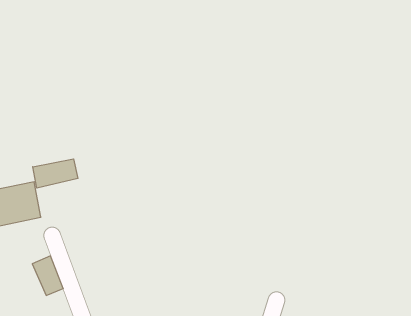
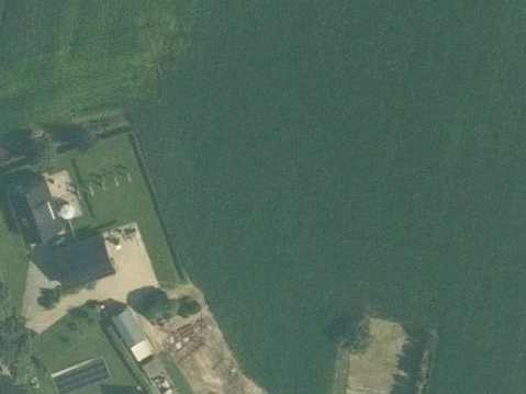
building: [33,159,78,188] -> none

